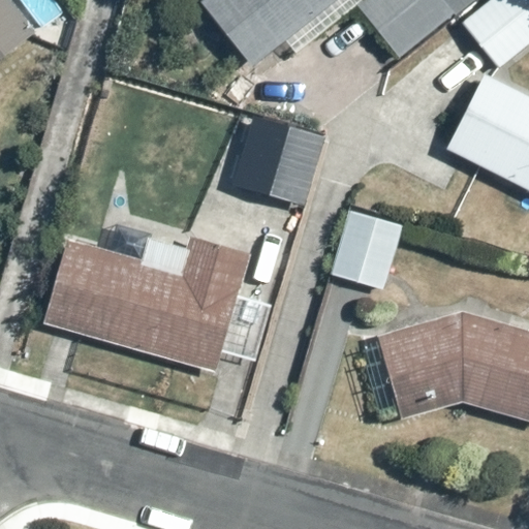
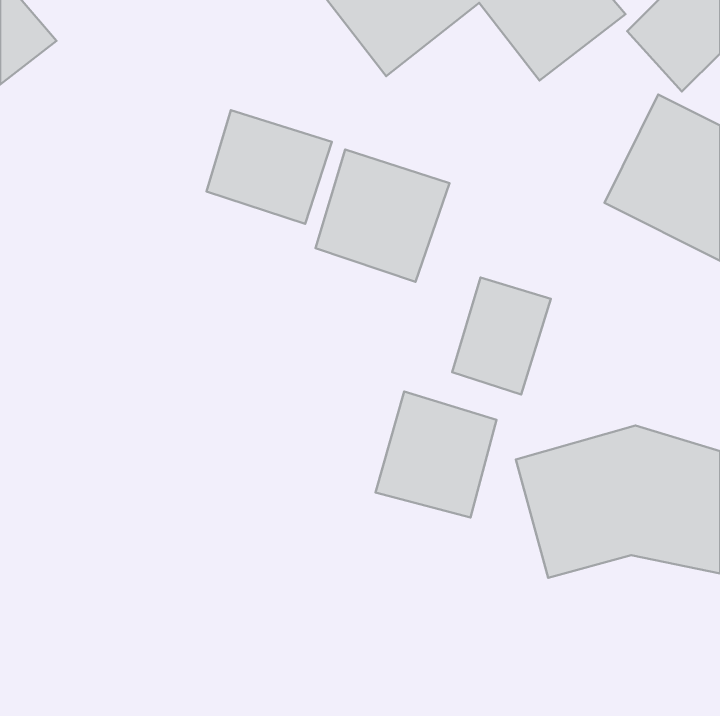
building: none -> [206,110,332,224]
building: [42,225,274,370] -> none
building: none -> [376,392,497,517]

